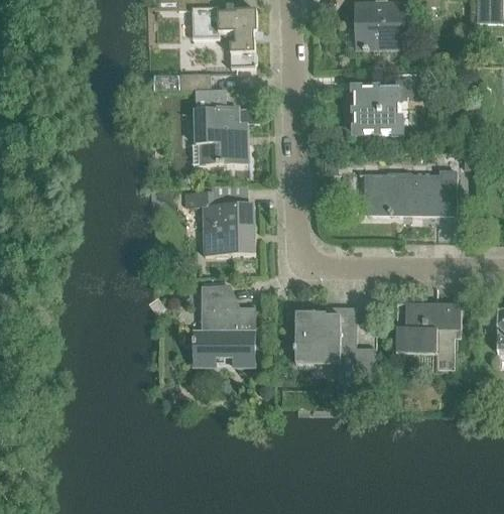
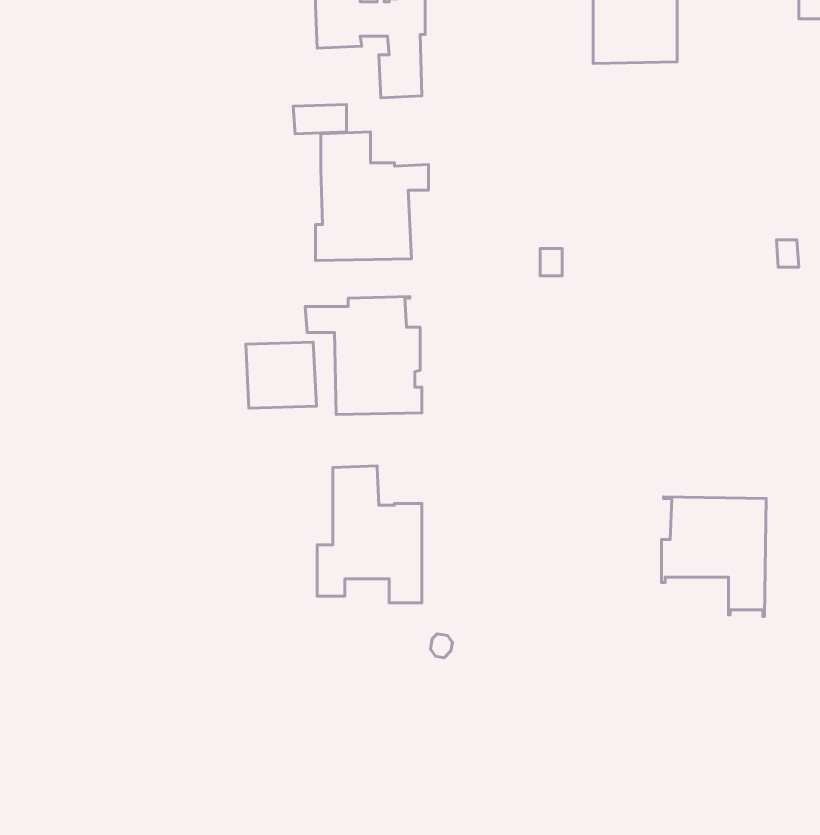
building: [354,73,424,133] -> none
building: [363,170,456,215] -> none
building: none -> [246,342,316,408]
building: [292,306,375,380] -> none

